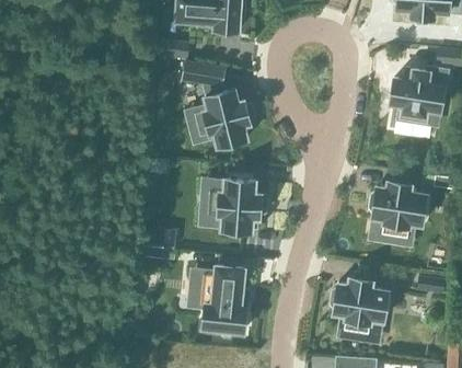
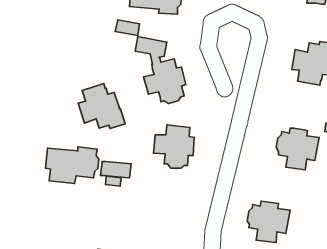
building: none -> [78,83,125,128]
building: none -> [46,147,99,183]
building: [200,261,245,332] -> none

